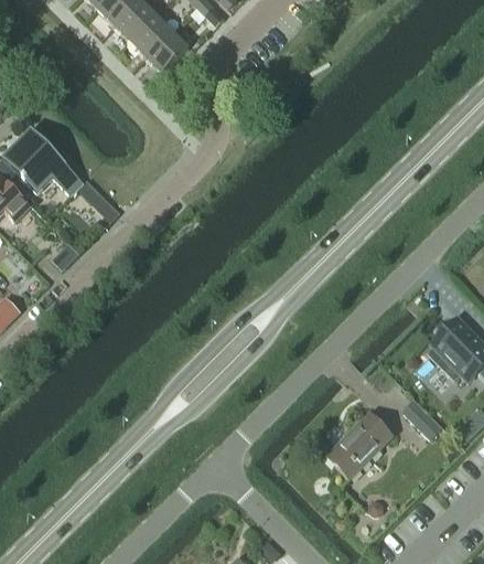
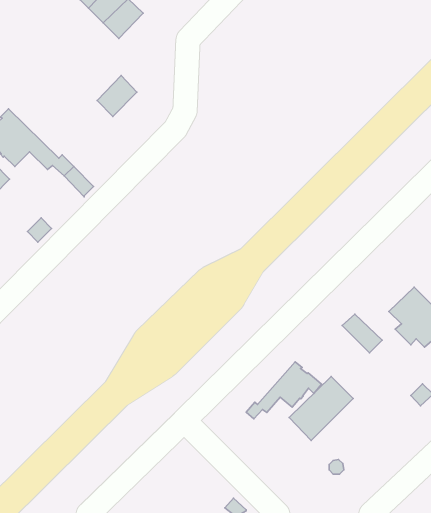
building: [147,30,189,73] -> [97,75,137,116]
building: none -> [246,362,322,419]
building: [400,400,442,440] -> [342,314,382,353]

